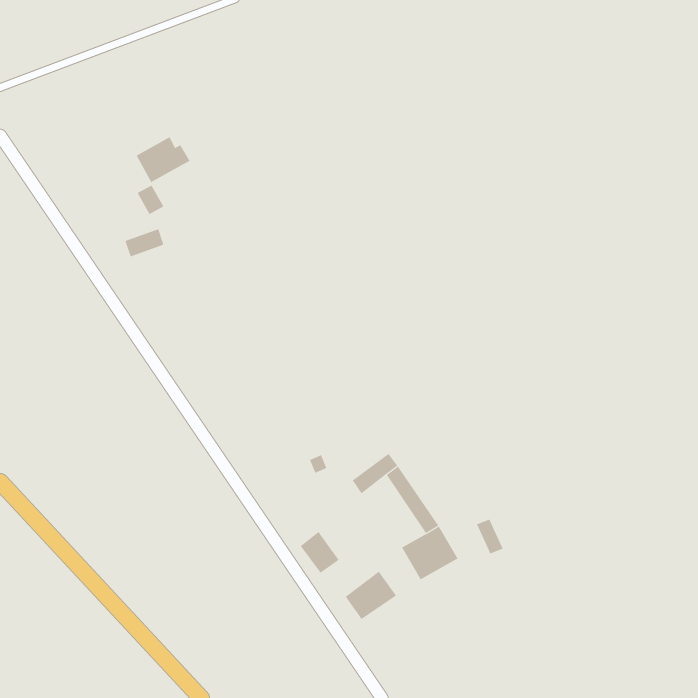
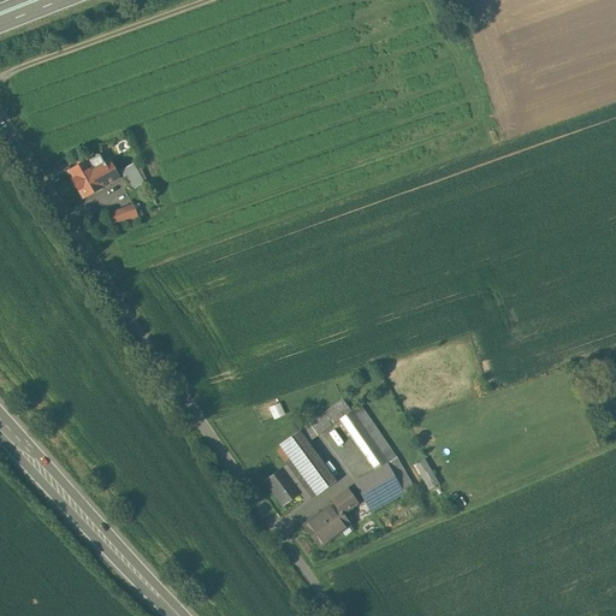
building: [136,136,190,183] -> [70,154,118,195]
building: none -> [280,431,336,493]

